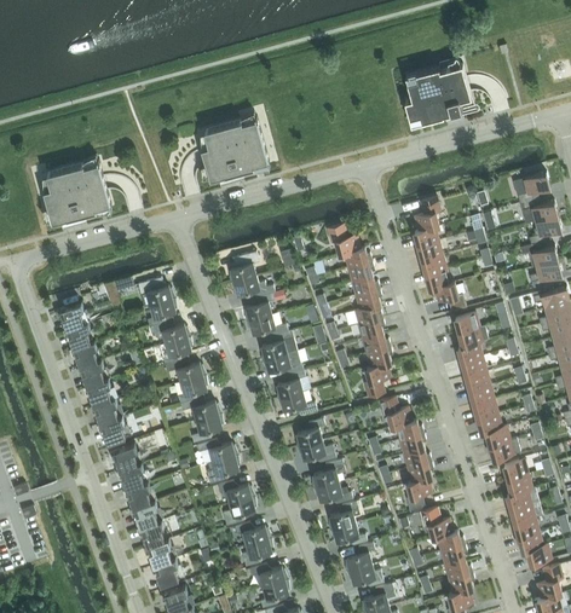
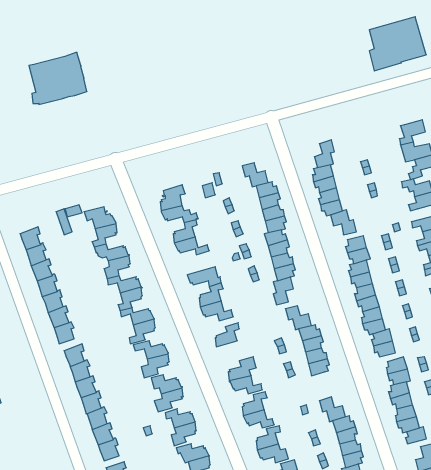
building: [405,60,474,126] -> [369,17,426,71]
building: [197,117,269,179] -> none
building: [40,160,110,222] -> [29,52,87,104]
building: [260,331,295,360] -> none
building: [296,440,335,463] -> none
building: [405,478,431,511] -> none

